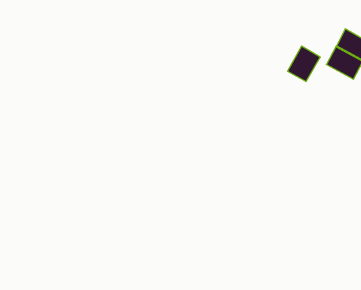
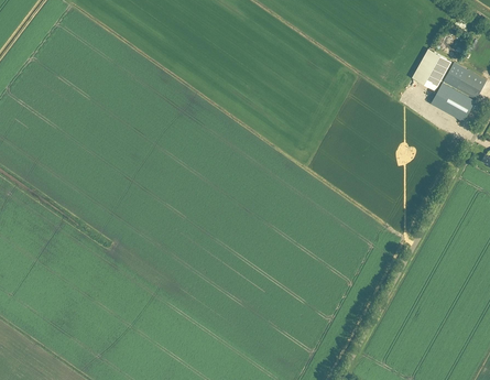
building: [288,46,320,81] -> [411,48,449,90]

